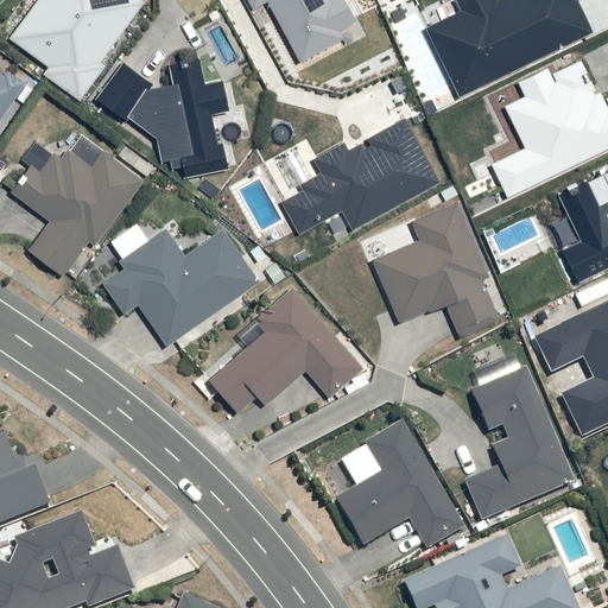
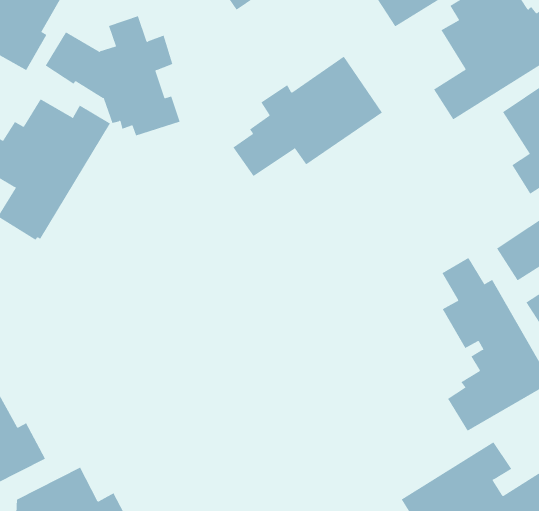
building: [376,201,502,338] -> none
building: [106,216,261,349] -> none
building: [213,285,365,413] -> none
building: [340,420,466,546] -> none

